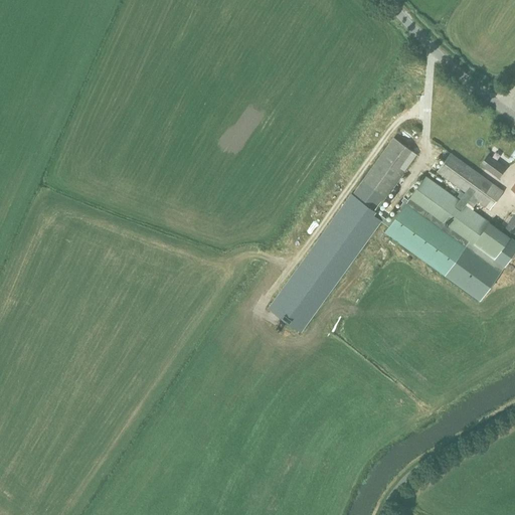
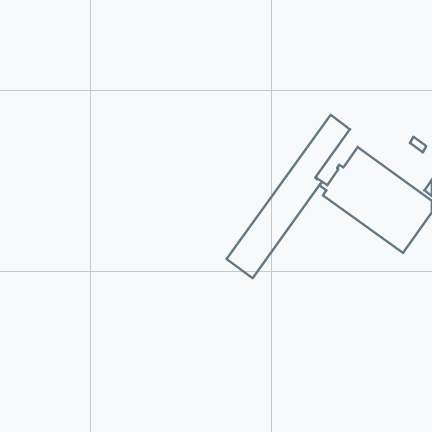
building: [438,153,503,209] -> none

